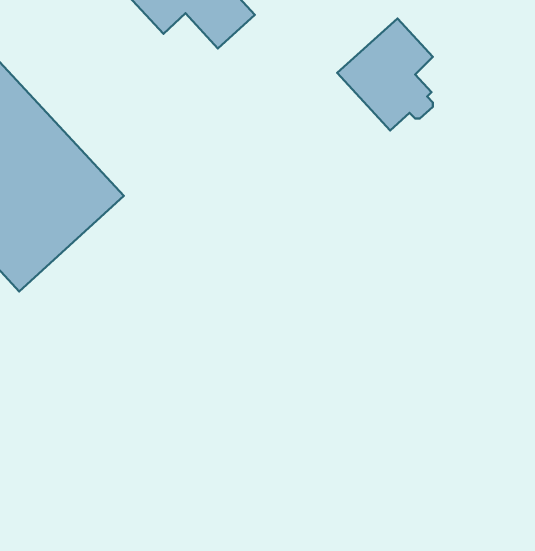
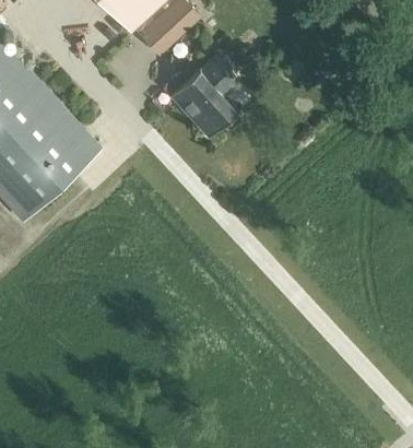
building: [337,19,433,130] -> [169,57,240,140]

